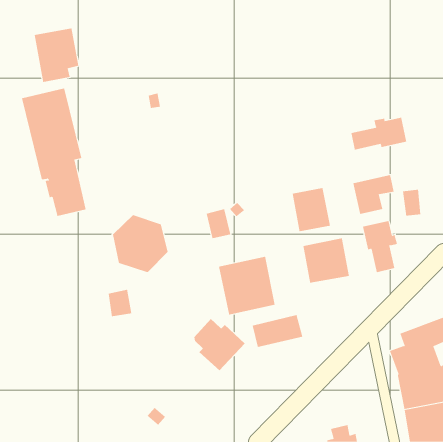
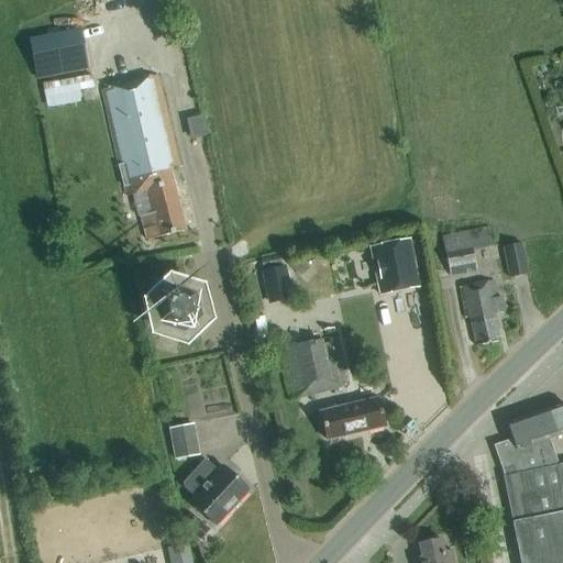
building: [21,88,86,216] -> [103,76,186,239]
building: [351,117,407,150] -> none
building: [303,238,350,283] -> none
building: [108,289,132,317] -> [169,422,200,457]
building: [193,318,246,371] -> [184,457,250,525]

